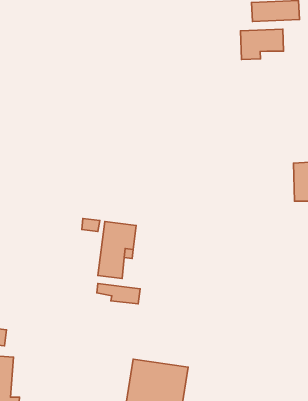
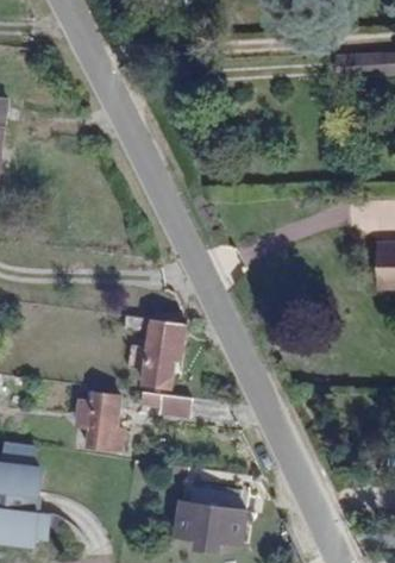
building: [240,29,284,59] -> none
building: none -> [74,393,125,449]

